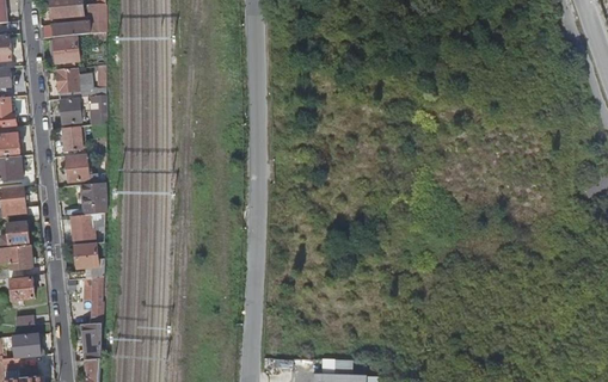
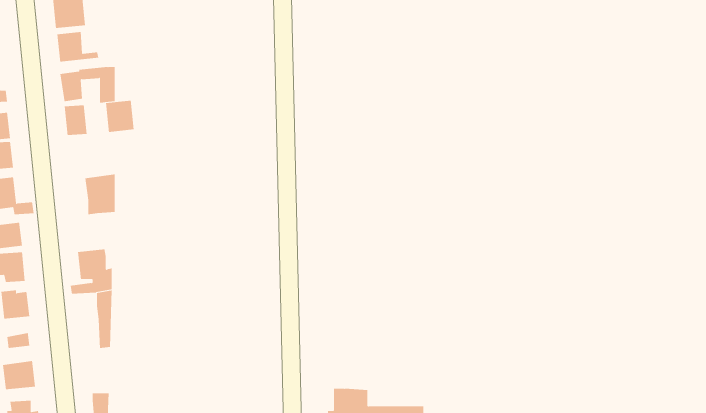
building: [65,155,88,181] -> [105,100,135,132]
building: [70,212,104,240] -> none
building: [81,322,100,359] -> none

